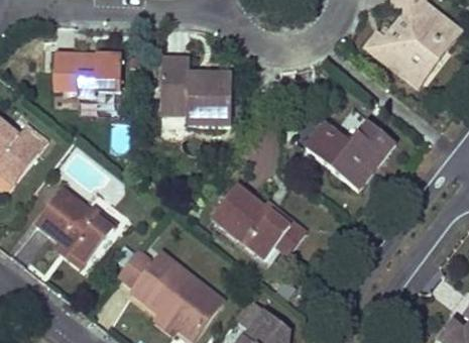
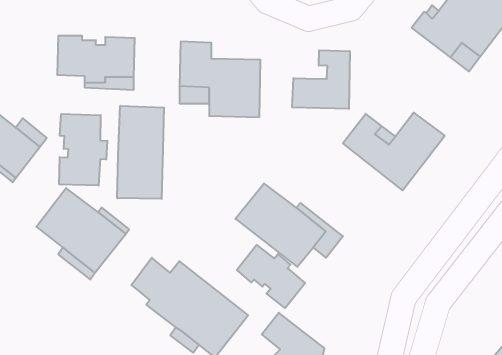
building: none -> [292,50,350,109]
building: none -> [117,106,164,199]
building: none -> [59,114,107,186]
building: none -> [237,245,305,308]

